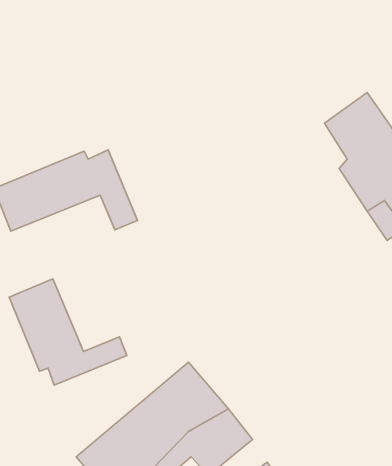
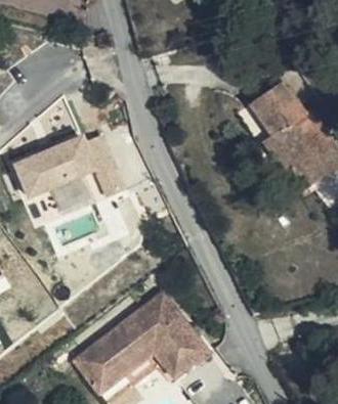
building: [9,279,127,385] -> none

